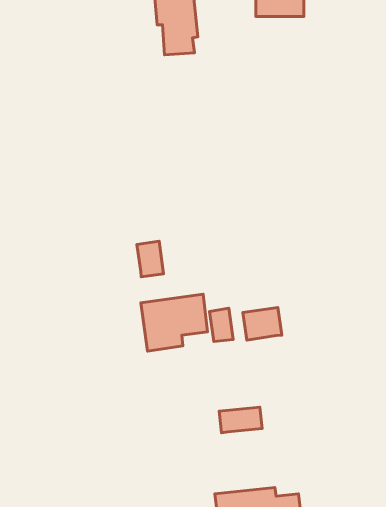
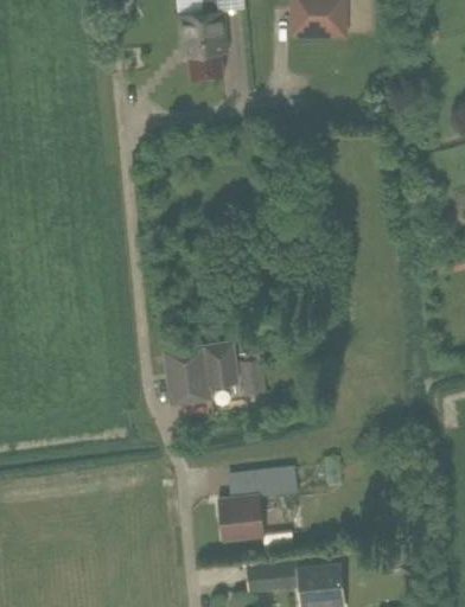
building: [137,241,164,277] -> none
building: [243,308,282,340] -> none
building: none -> [218,494,266,541]

